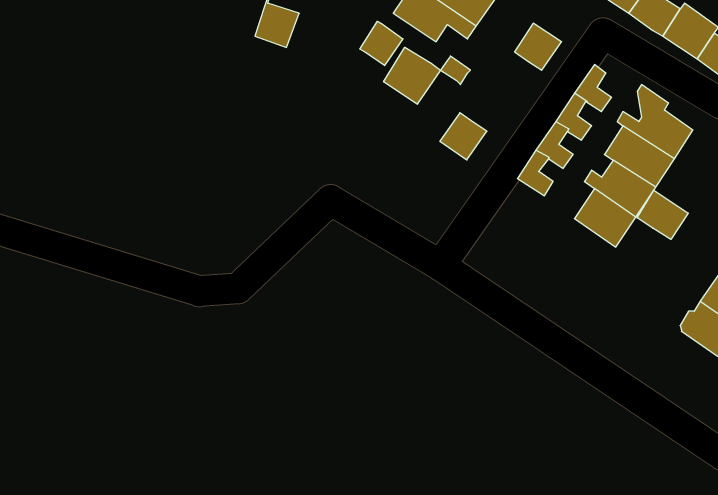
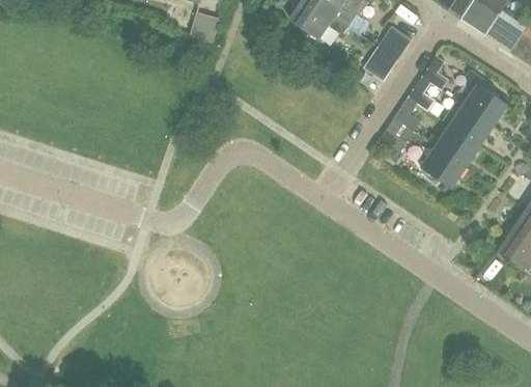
building: [360,21,403,66] -> none
building: [384,47,440,104] -> none
building: [440,113,487,160] -> [363,46,397,80]
building: [637,190,688,239] -> none

